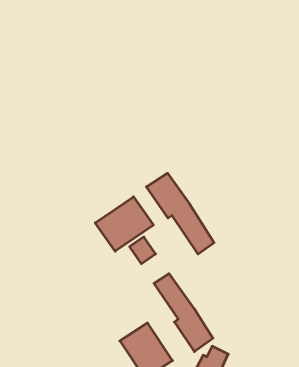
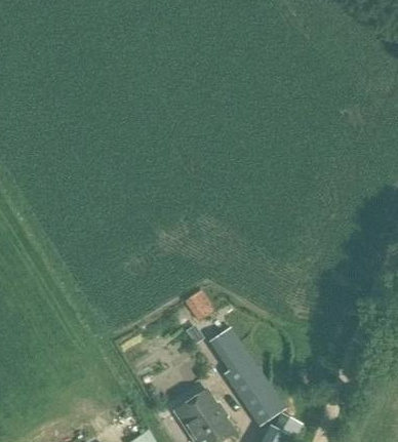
building: [146,173,214,254] -> none
building: [95,197,153,251] -> none

